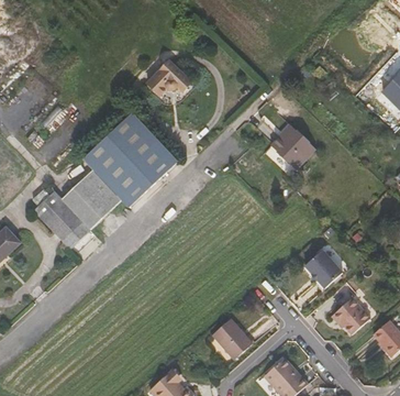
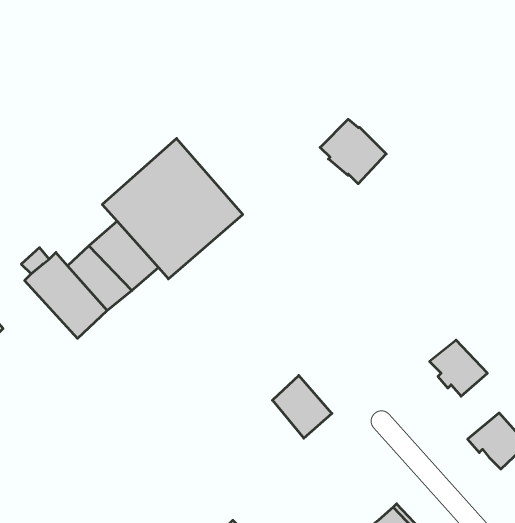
building: [147,63,192,97] -> none
building: [270,127,314,169] -> [320,119,386,184]
building: [211,316,251,358] -> [272,375,332,438]

